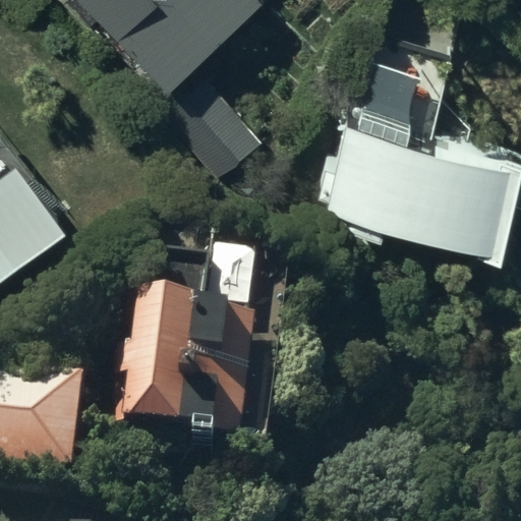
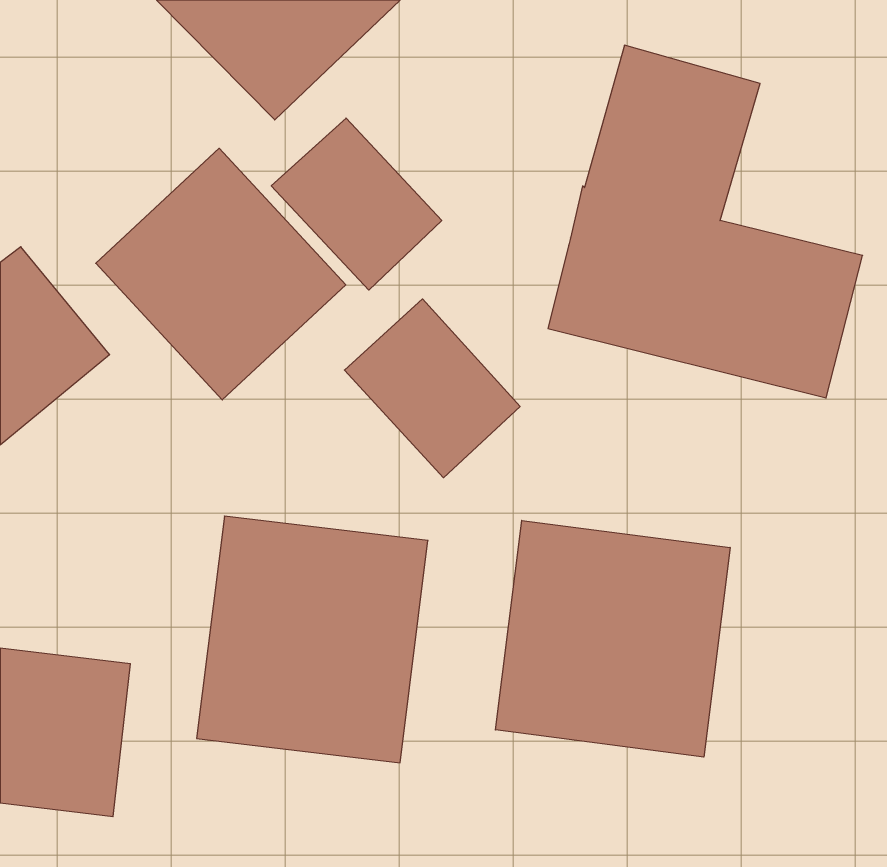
building: none -> [96,148,346,400]
building: none -> [495,520,730,757]

